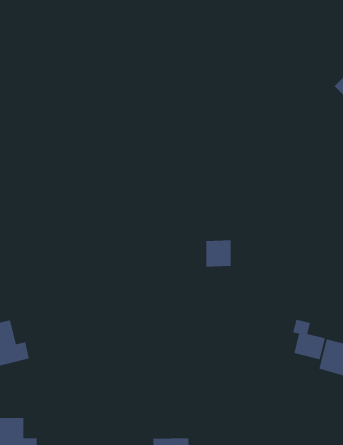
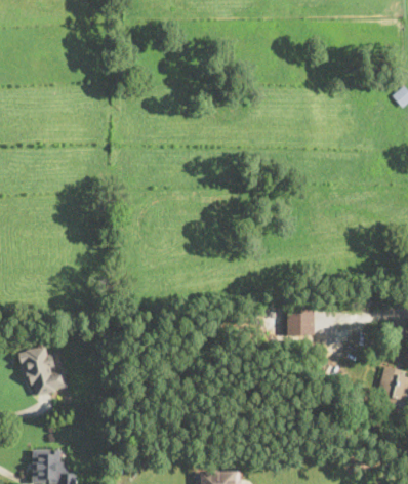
building: [206,240,231,267] -> [286,307,314,336]
building: [292,319,326,360] -> none

